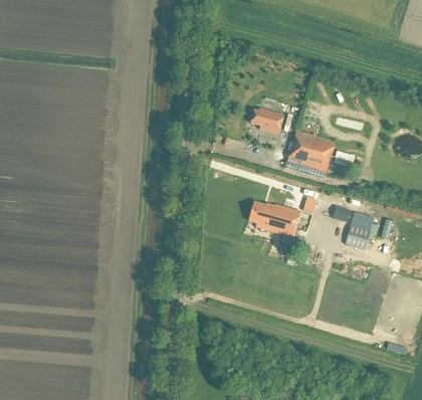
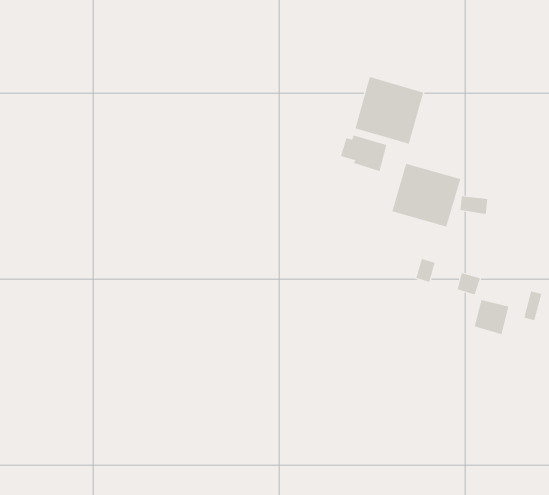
building: none -> [355,76,424,145]
building: [248,202,300,236] -> none

